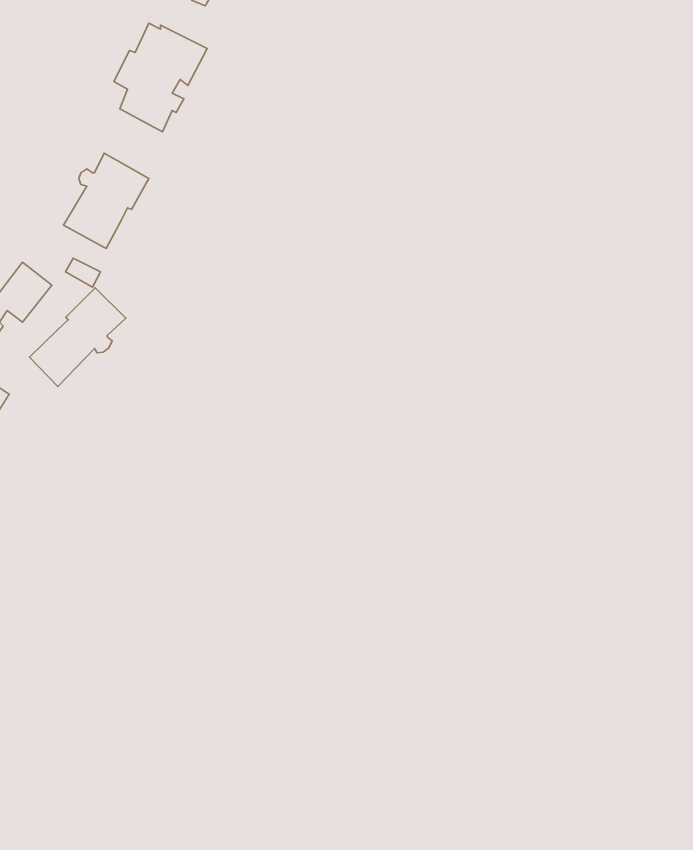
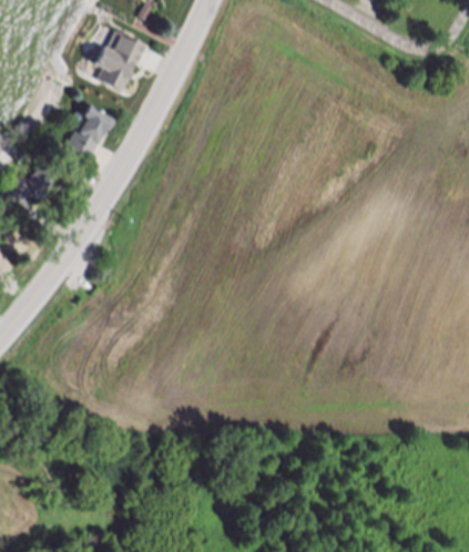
building: [29,288,126,387] -> none

